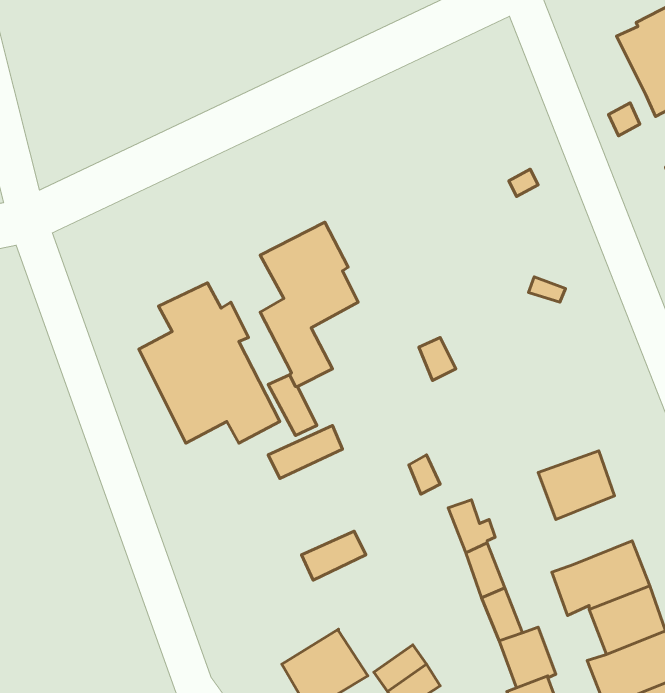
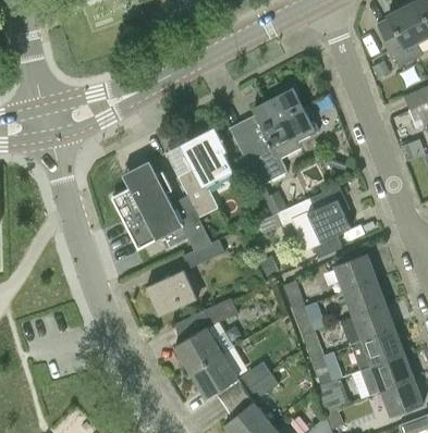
building: none -> [229,89,319,187]
building: none -> [306,185,351,259]
building: none -> [145,270,198,318]
building: none -> [343,280,386,318]
building: none -> [174,327,234,373]

